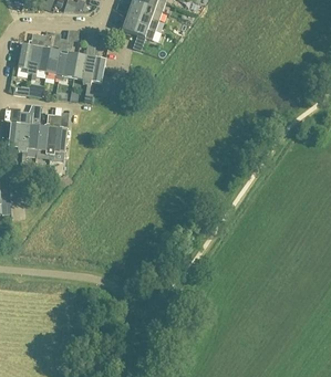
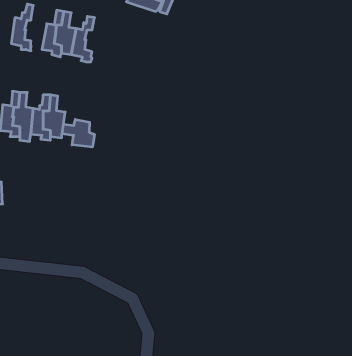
building: [31,32,51,72] -> none
building: [85,43,105,82] -> none
building: none -> [62,119,94,147]

